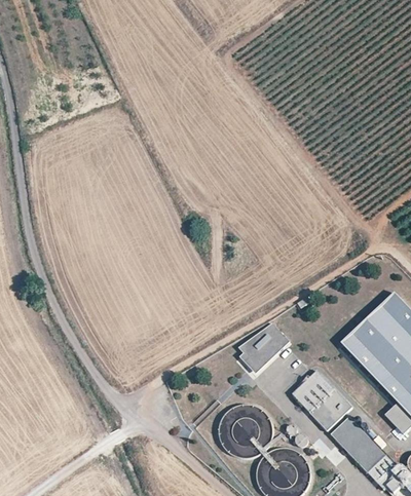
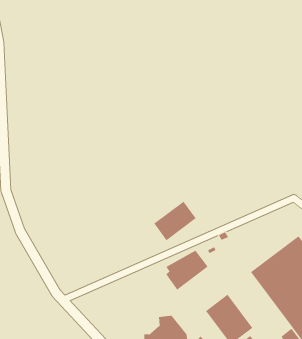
building: none -> [153,201,197,241]

